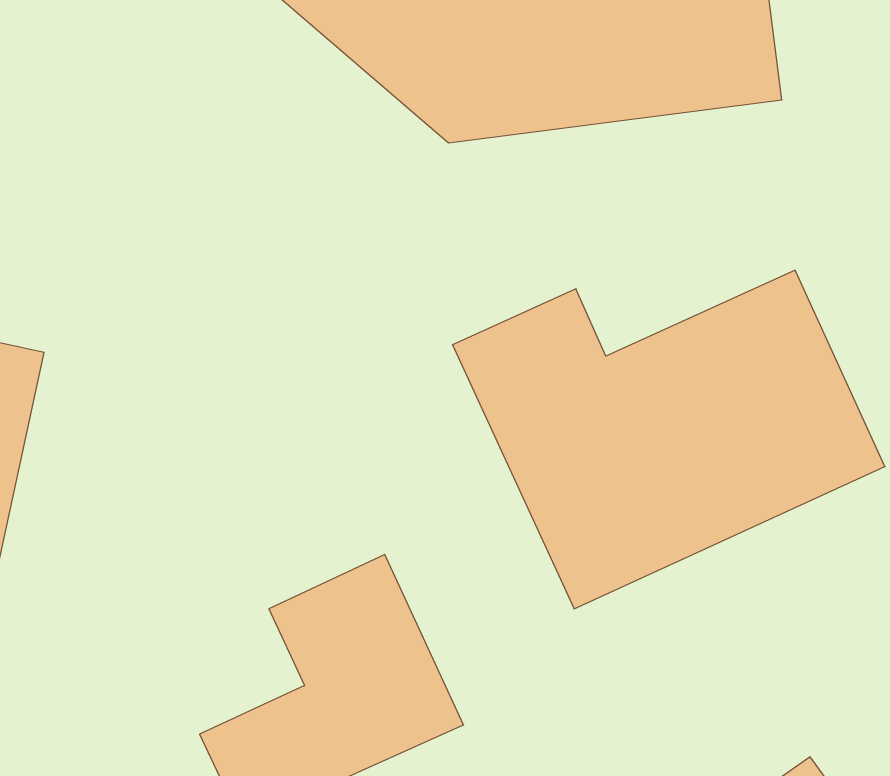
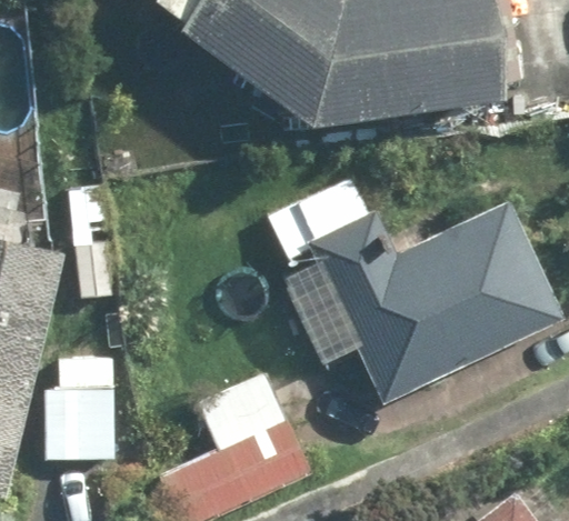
building: none -> [44,358,114,462]

